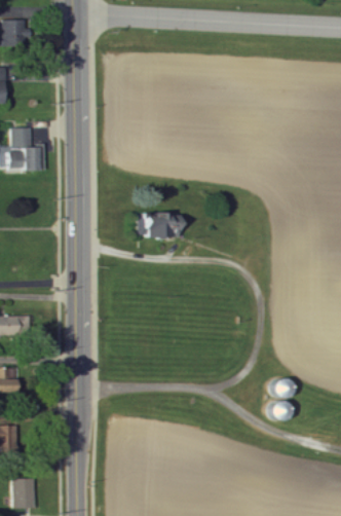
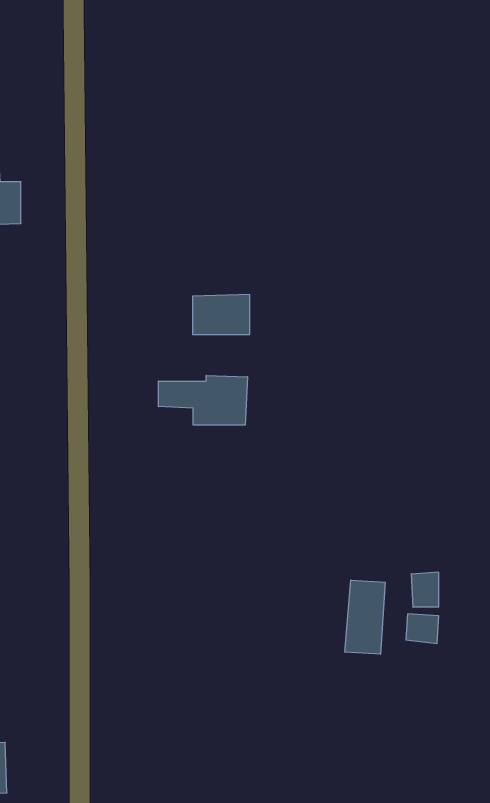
building: none -> [159,375,247,425]
building: none -> [345,580,385,654]

